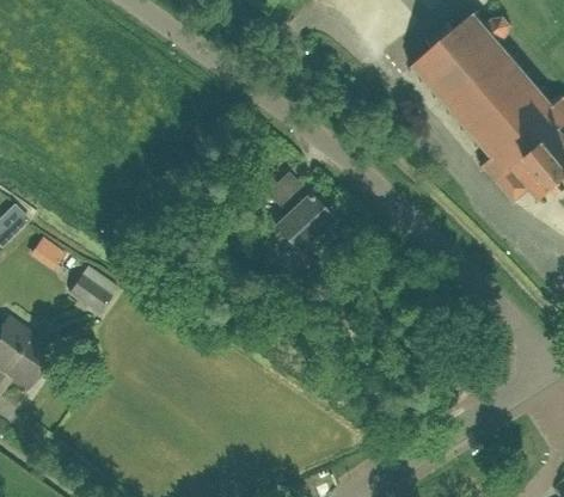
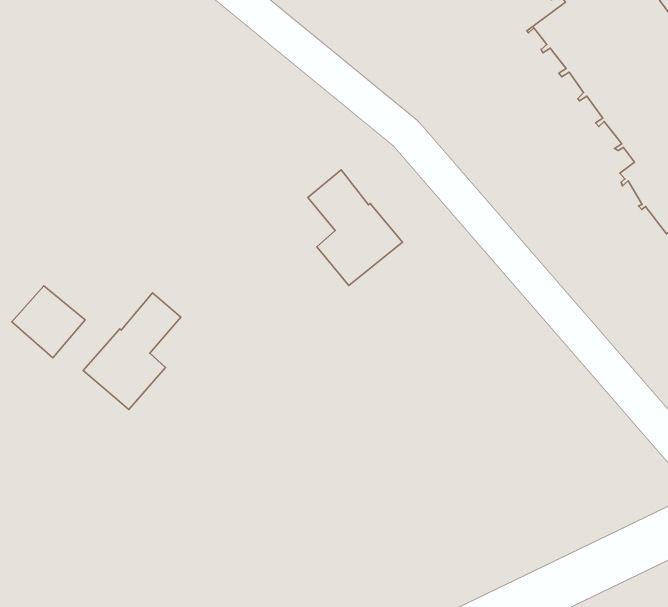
building: none -> [83,293,181,409]

